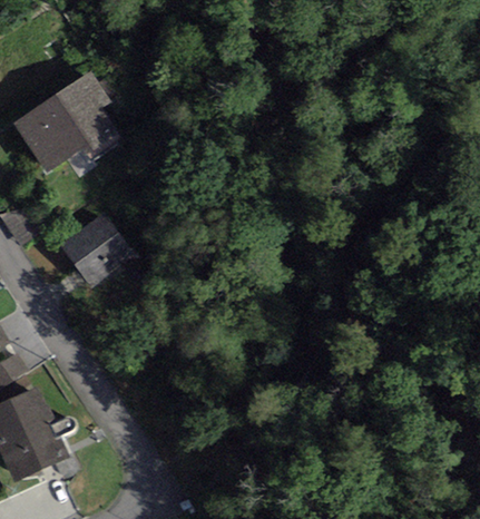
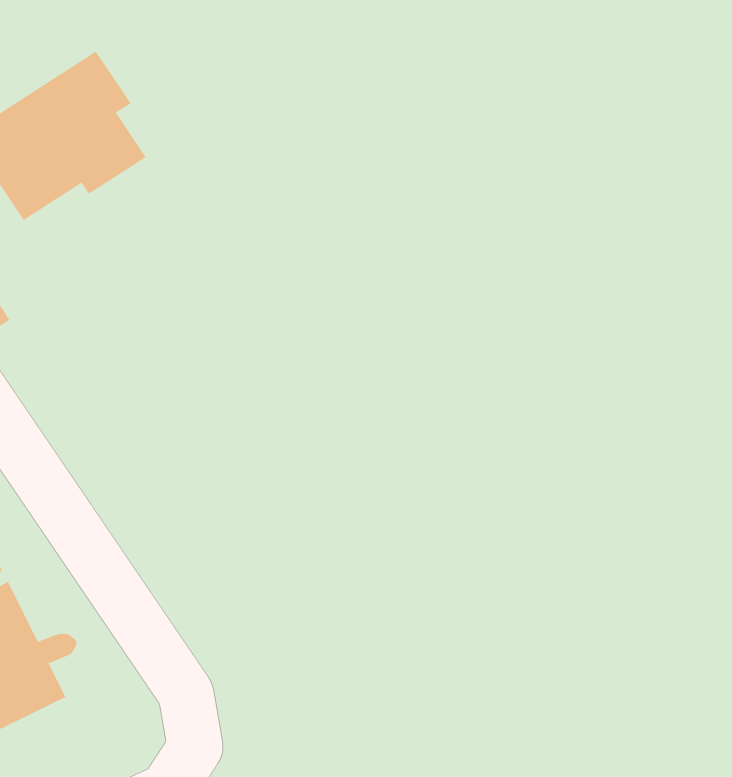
building: [60,214,135,287] -> none

